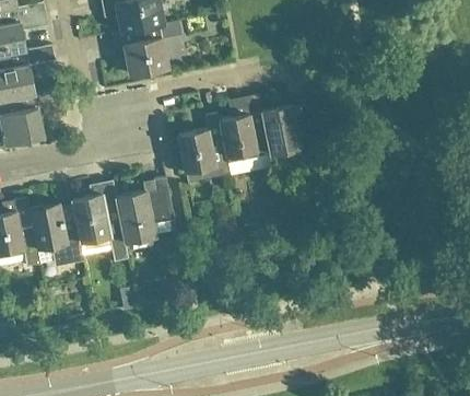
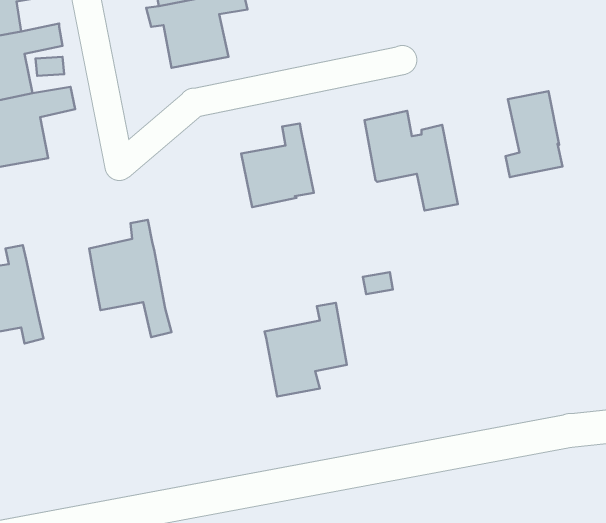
building: none -> [505,91,562,177]
building: [218,102,269,164] -> none
building: [115,178,172,243] -> [265,303,347,396]
building: [27,203,84,266] -> none

